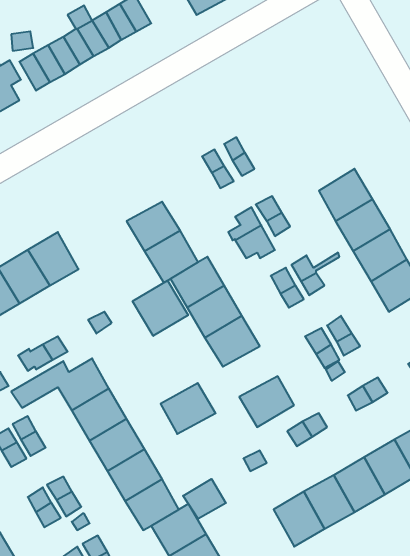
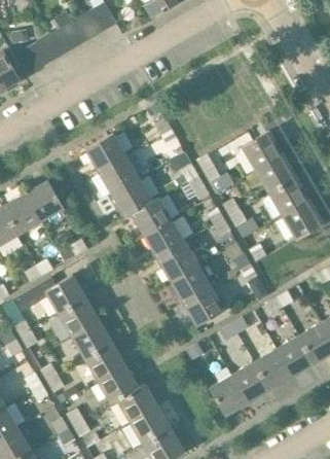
building: none -> [85,135,125,172]
building: [133,281,188,336] -> none
building: [161,383,216,434] -> [171,266,212,304]
building: [183,479,226,519] -> none

